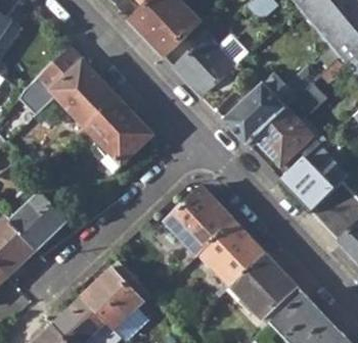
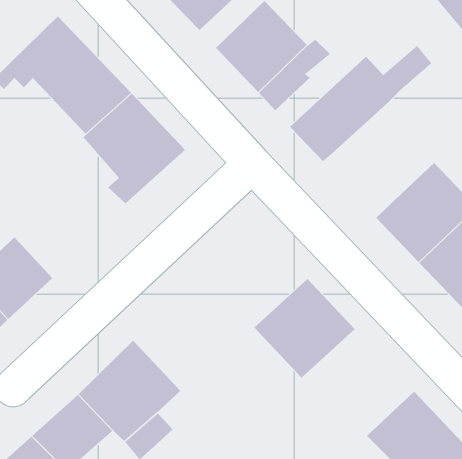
building: [253,83,324,170] -> none
building: [165,186,234,254] -> none
building: [230,253,298,318] -> none

